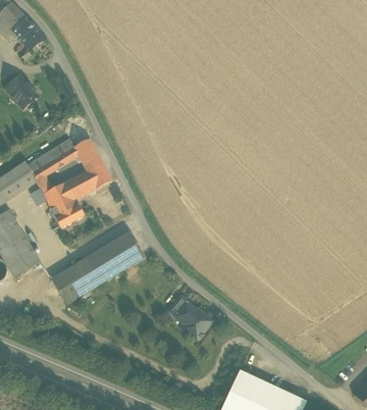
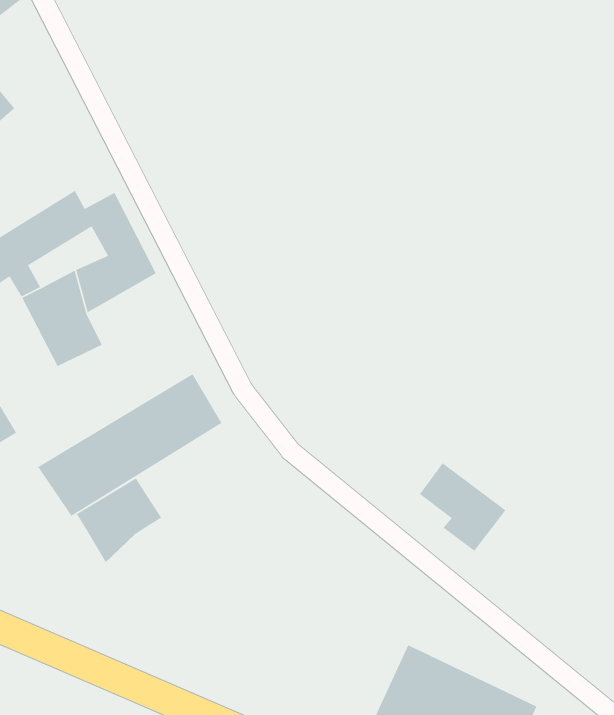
building: none -> [76,477,162,563]
building: [168,295,213,341] -> [419,462,506,552]

